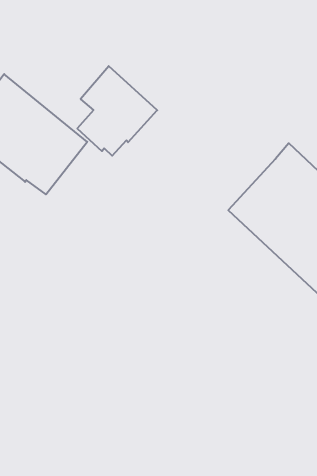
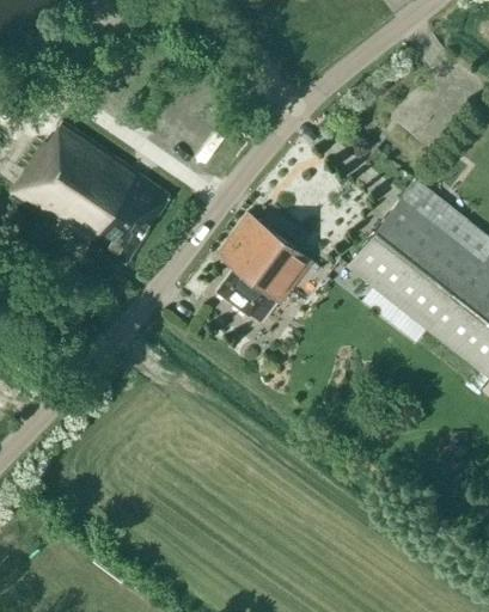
building: [77,66,157,156] -> [214,213,310,322]

